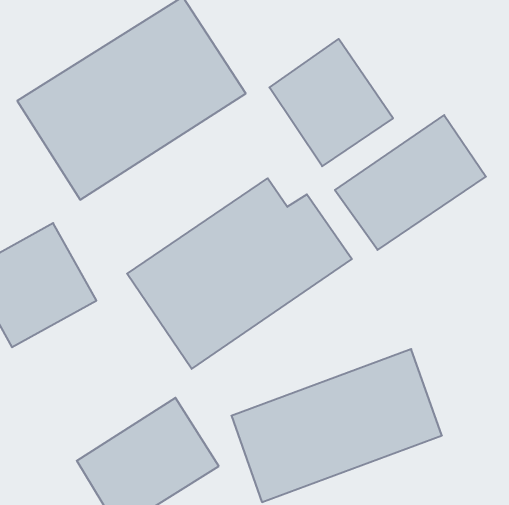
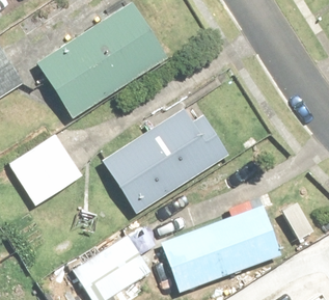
building: [269,39,393,166] -> none
building: [335,115,486,250] -> none

